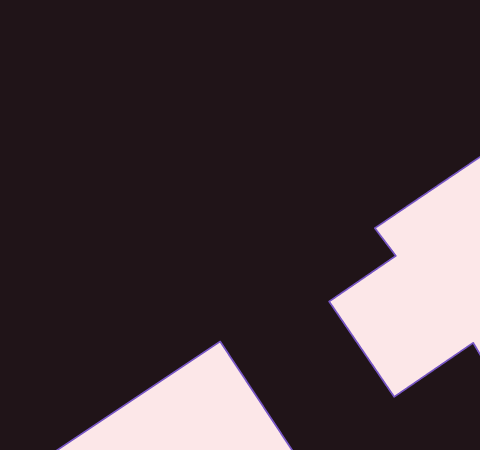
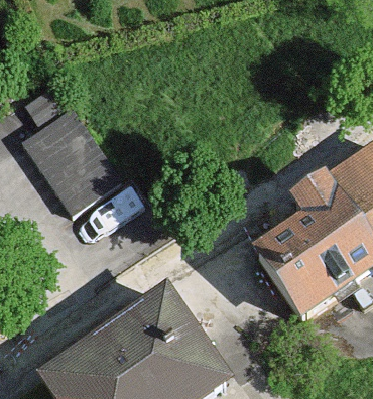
building: none -> [18,107,115,208]

